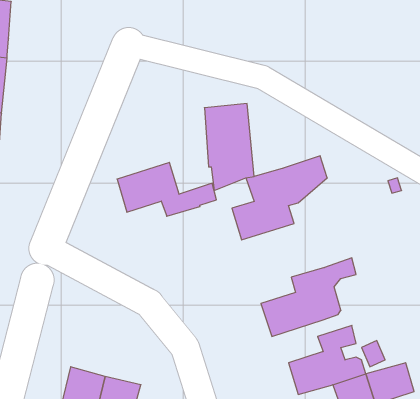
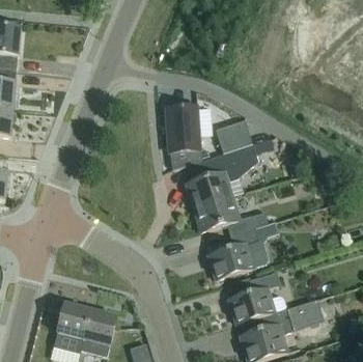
building: none -> [216,119,252,152]
building: [117,162,216,216] -> [193,194,268,234]

